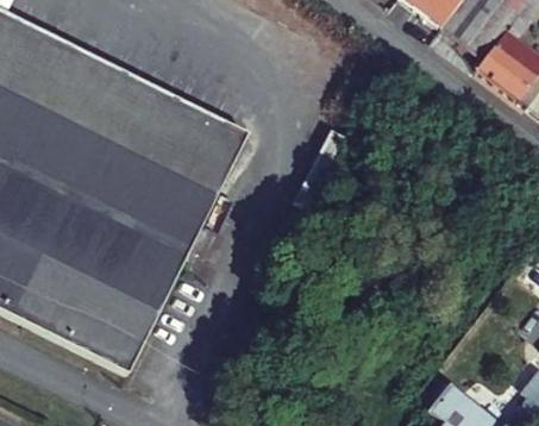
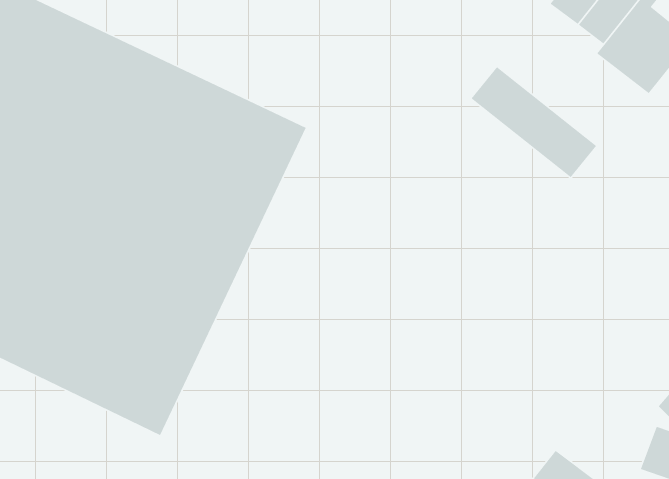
building: none -> [470,66,597,178]

